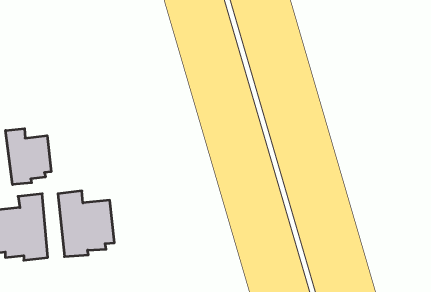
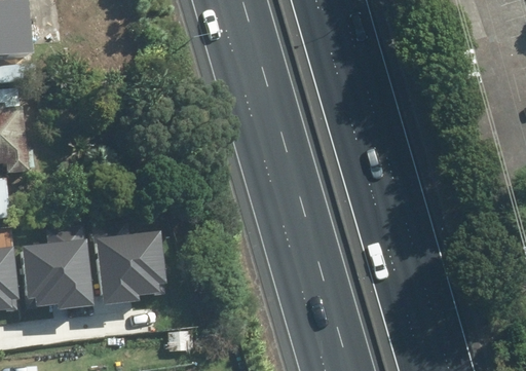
building: [6,129,51,185] -> none

